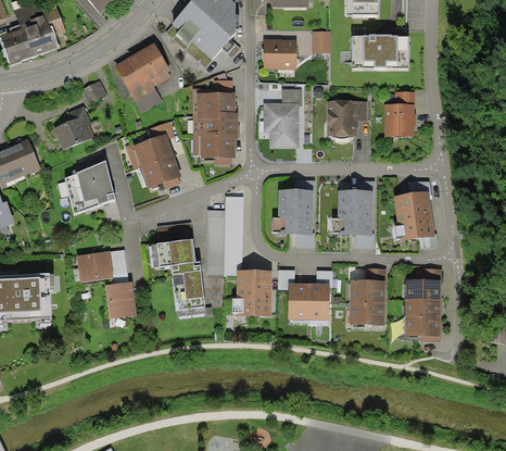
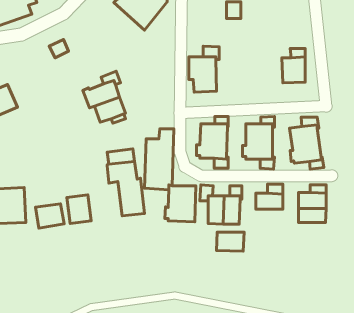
building: [352,34,408,68] -> none
building: [263,40,295,70] -> none
building: [114,42,169,113] -> none
building: [192,80,237,165] -> none
building: [327,102,366,139] -> none
building: [53,107,93,150] -> none
building: [64,160,115,214] -> none
building: [76,251,113,283] -> [36,204,64,228]
building: [349,301,384,326] -> [216,232,244,251]
building: [404,318,440,336] -> none

